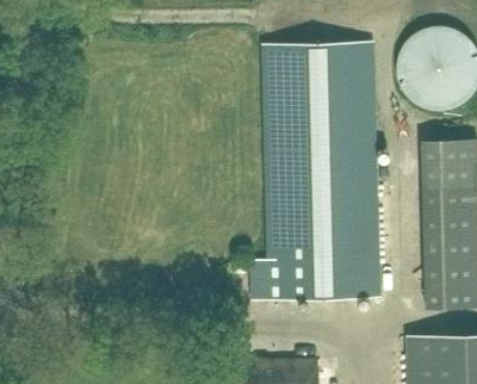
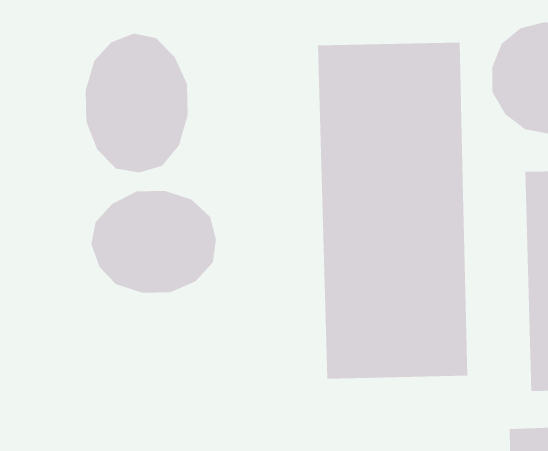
building: none -> [85,33,188,173]
building: none -> [91,190,216,293]

